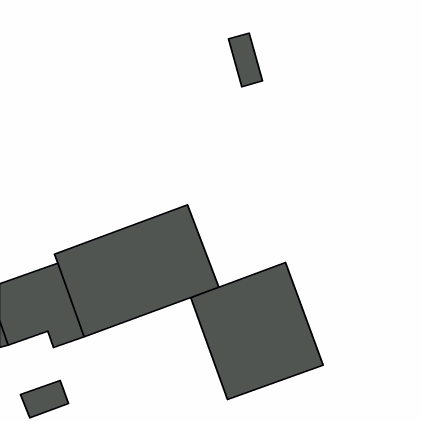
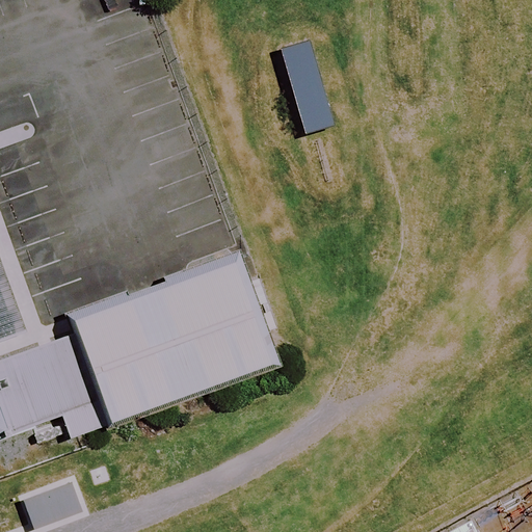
building: [191,262,323,399] -> none

